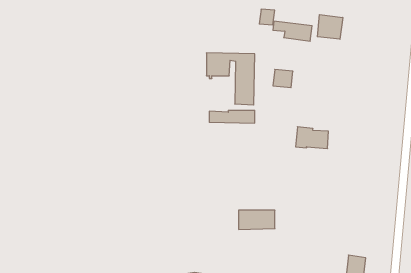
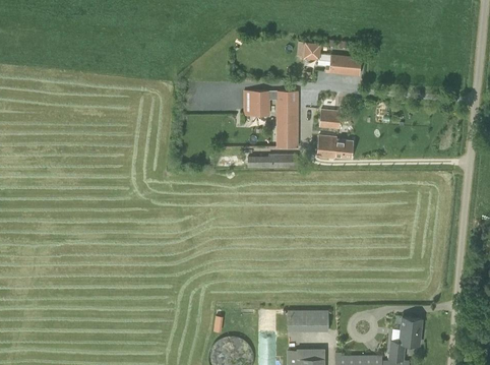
building: [317,15,343,39] -> none
building: [296,127,328,149] -> [316,134,353,159]
building: [239,210,275,229] -> [288,310,328,331]

